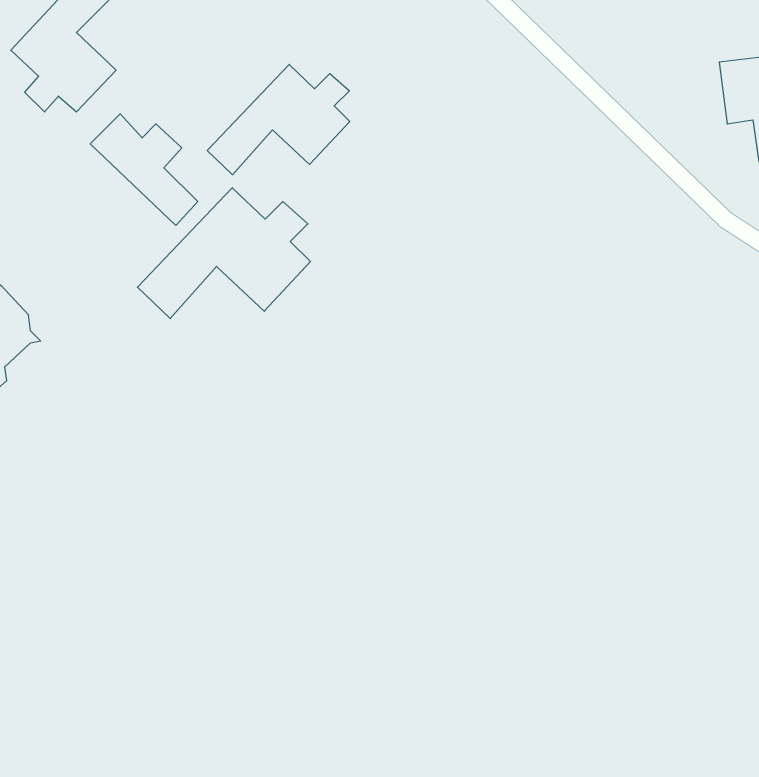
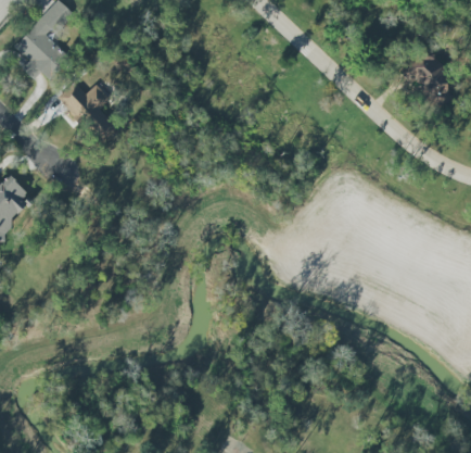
building: [207,64,350,175] -> none
building: [137,188,310,319] -> none

